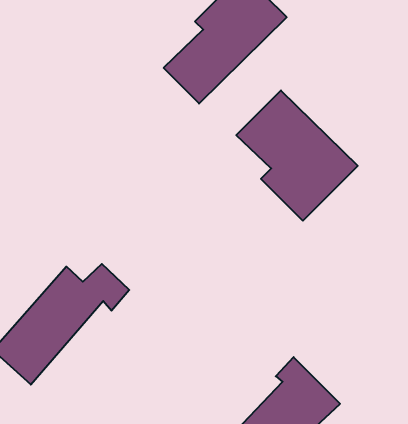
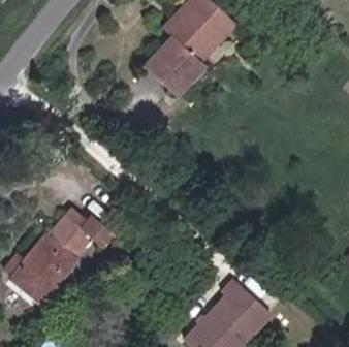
building: [236,90,358,221] -> none

